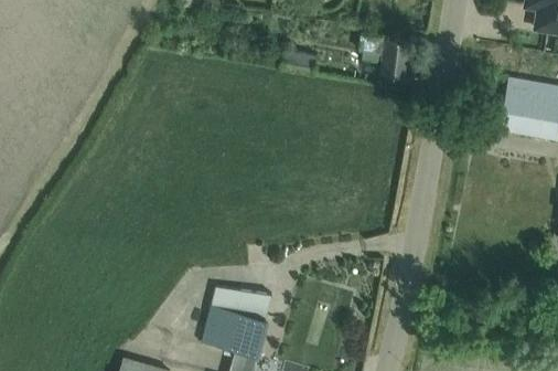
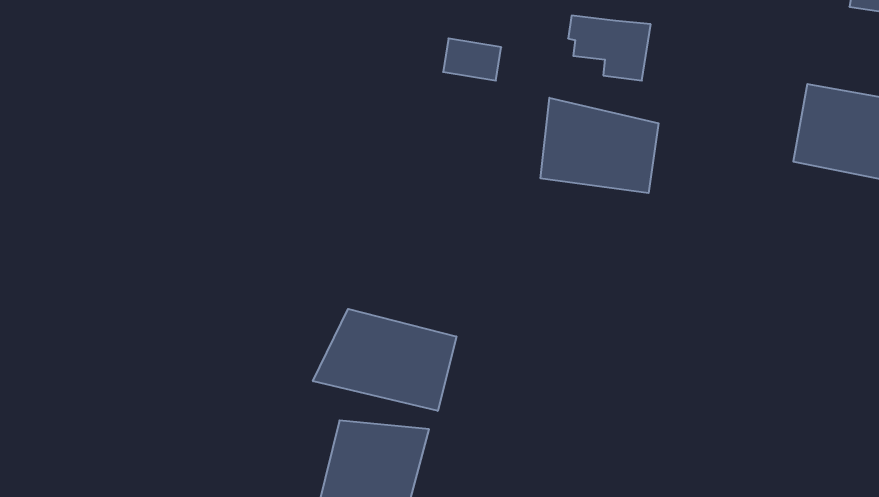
building: none -> [541,98,659,193]
building: none -> [313,309,456,411]

